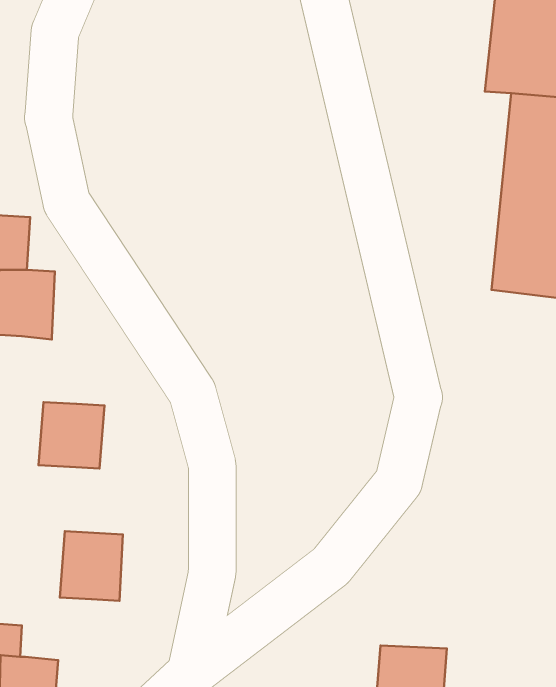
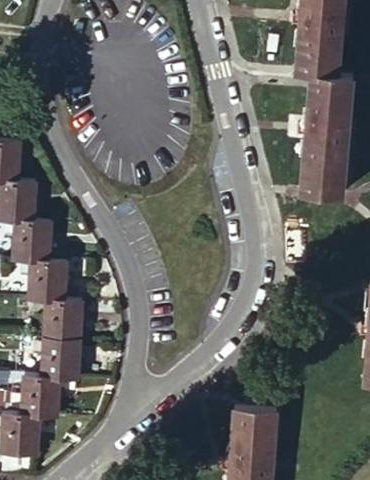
building: none -> [14,218,51,259]
building: none -> [42,297,80,338]
building: none -> [18,375,58,415]

